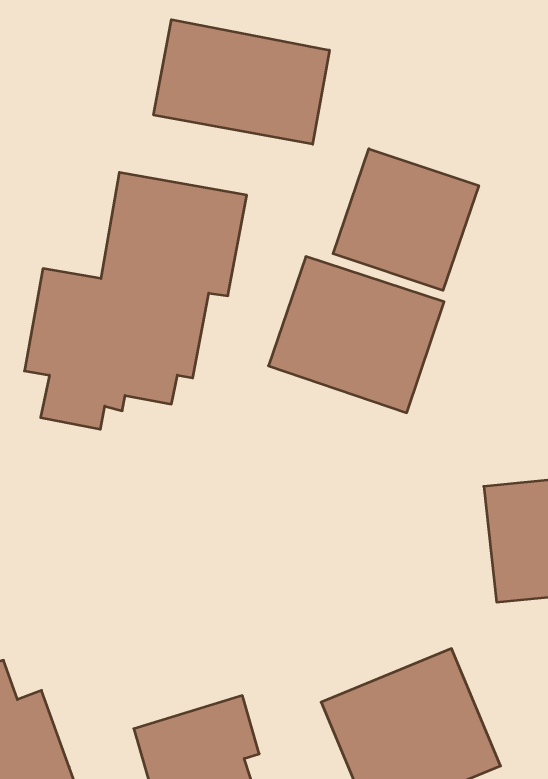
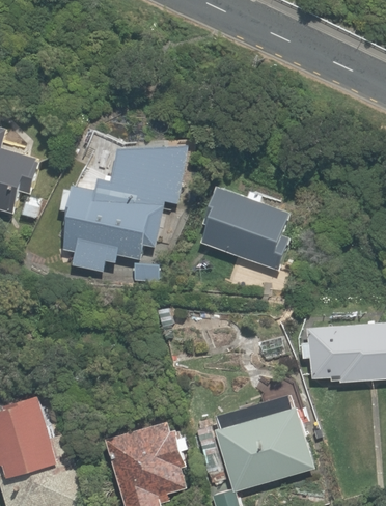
building: [154,20,329,144] -> none
building: [333,149,479,290] -> none

